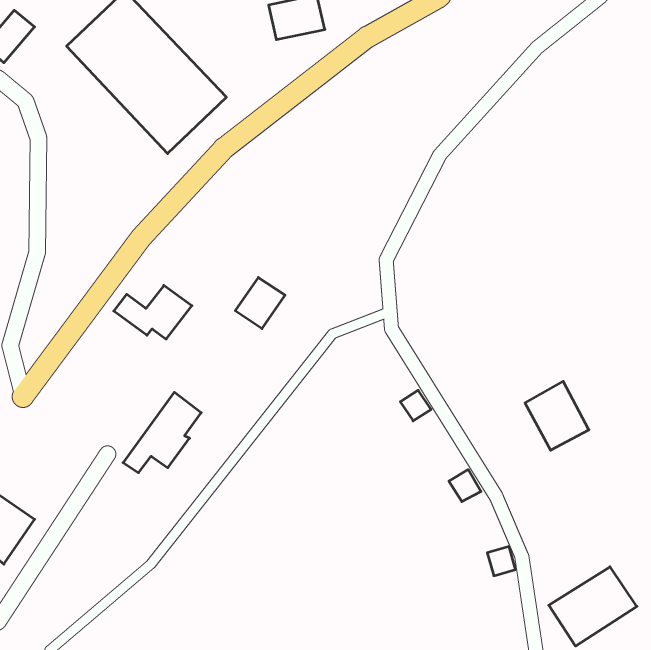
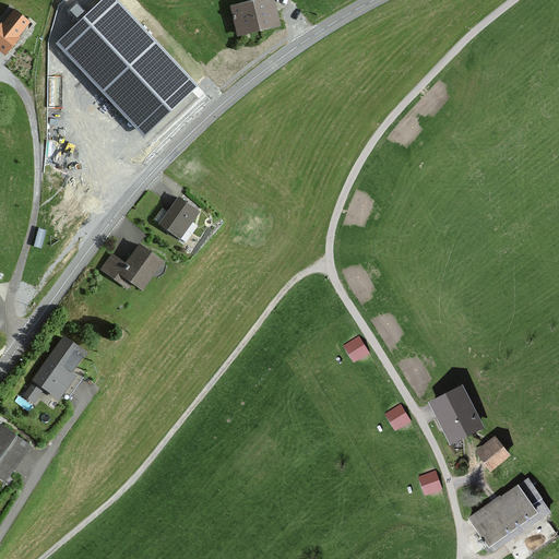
building: [235,277,285,329] -> [156,195,199,239]
building: [525,381,589,450] -> [428,385,483,444]
building: [123,392,201,473] -> [20,335,86,404]
building: none -> [473,435,509,471]

